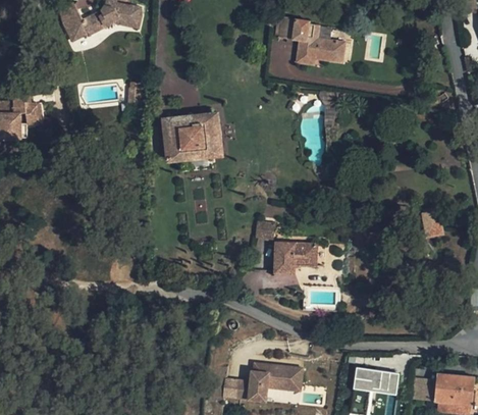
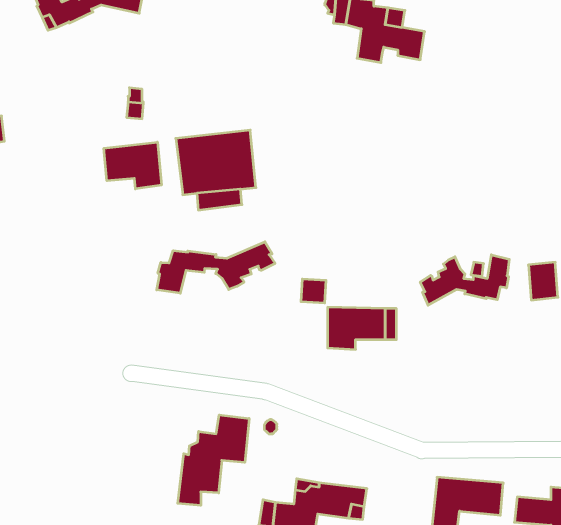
building: none -> [104,142,161,189]
building: none -> [157,242,275,293]
building: none -> [420,255,509,305]
building: none -> [178,415,249,505]

